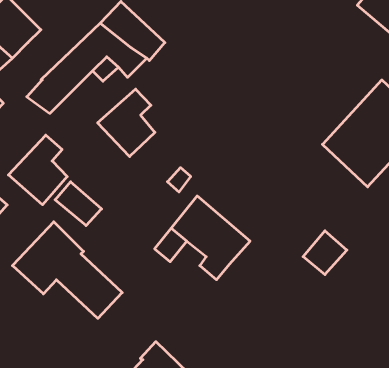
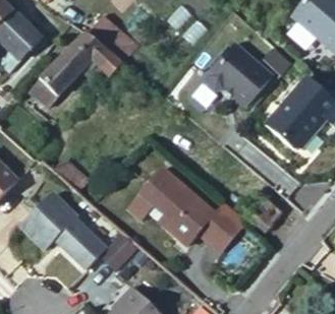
building: none -> [205,43,291,114]
building: [98,89,155,157] -> none
building: [8,135,67,205] -> none
building: none -> [189,195,236,242]

